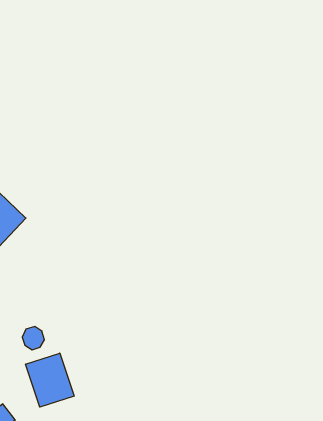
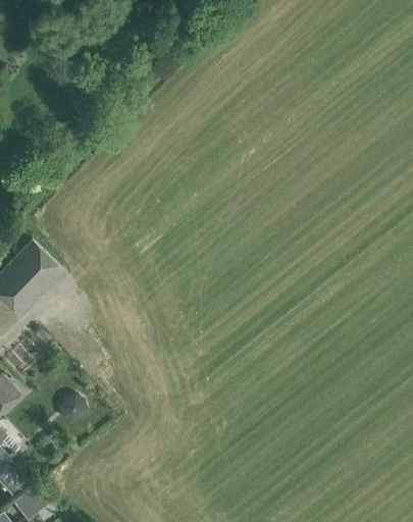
building: [26,353,74,407] -> none

